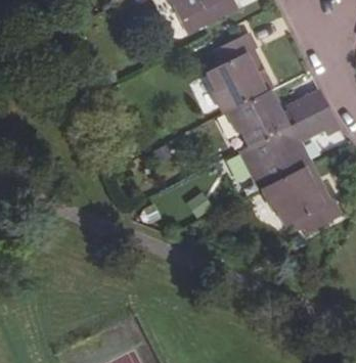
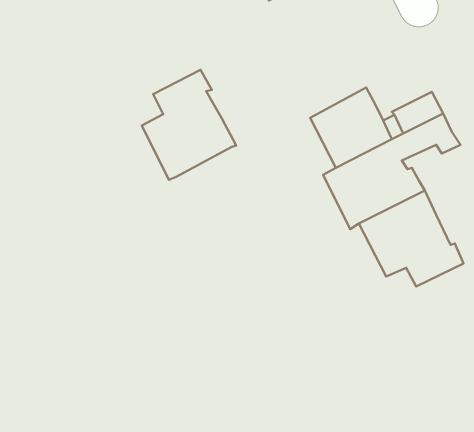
building: [206,34,273,112] -> [142,70,236,180]

